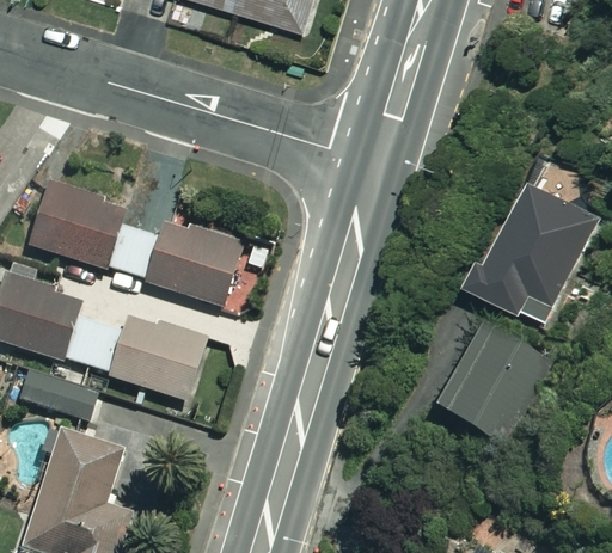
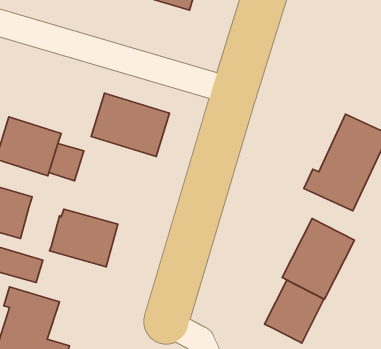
building: [146,219,258,309] -> [91,93,169,157]
building: [66,313,122,369] -> none
building: none -> [265,280,324,343]

